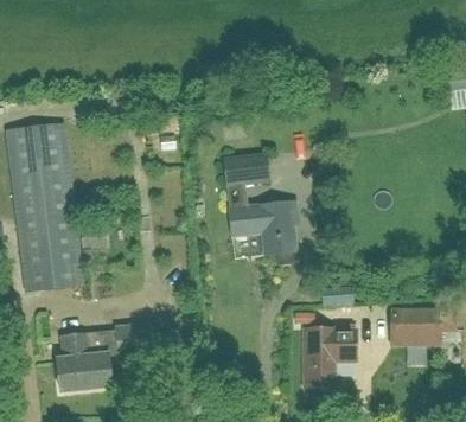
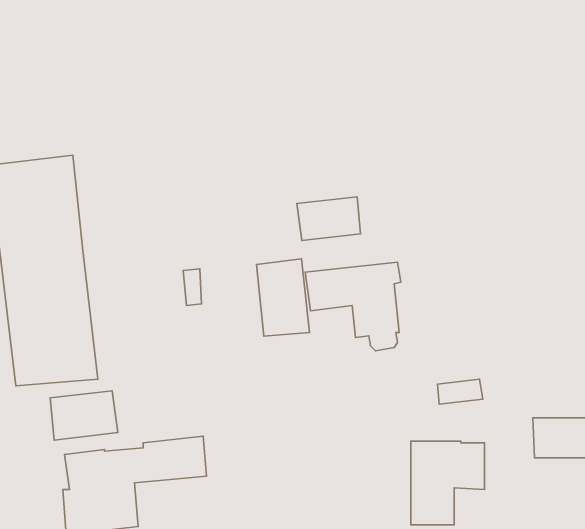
building: none -> [256,259,309,336]
building: none -> [50,391,118,440]

